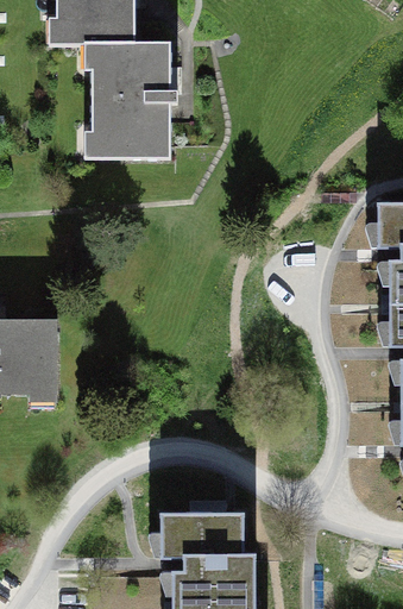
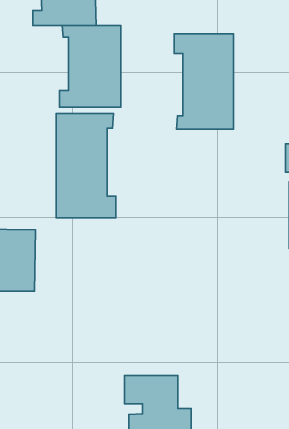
building: none -> [174,34,234,129]
building: none -> [56,113,116,218]

